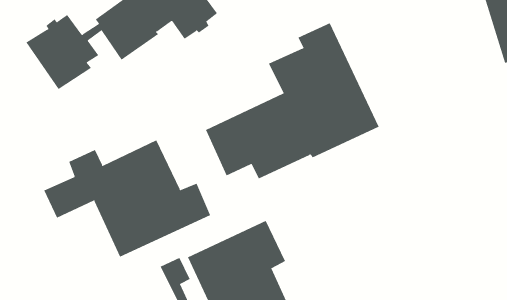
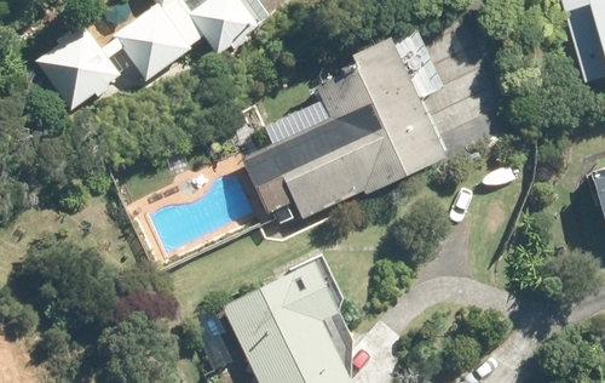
building: [43,140,211,257] -> none

